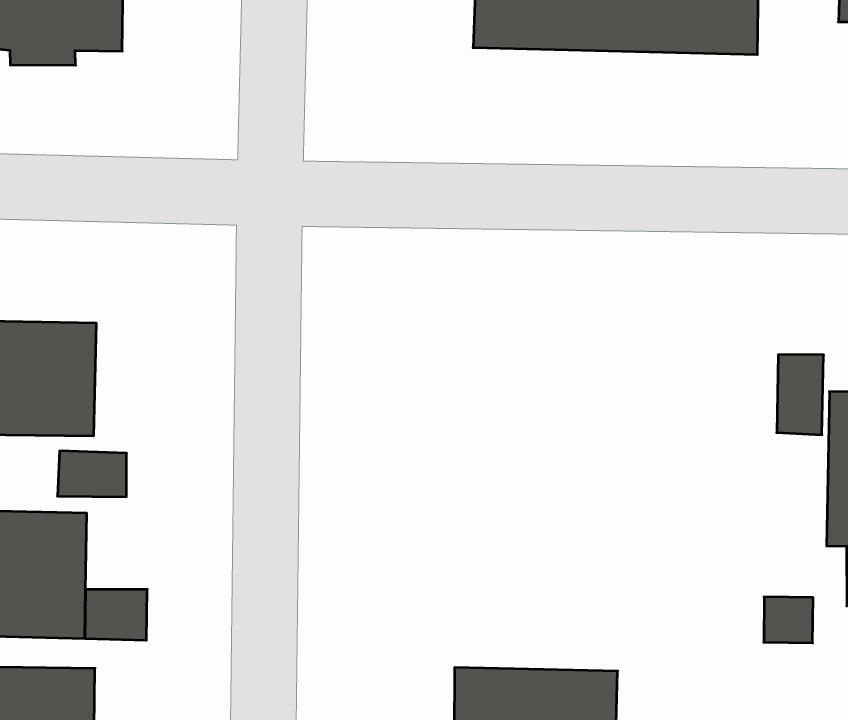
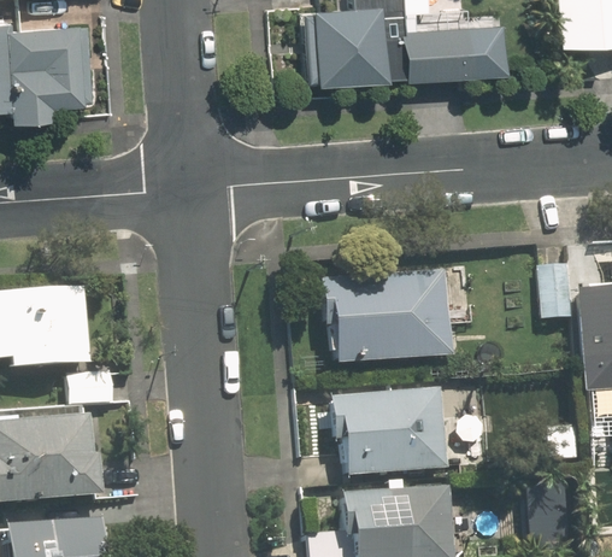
building: none -> [322,269,453,364]
building: none -> [333,387,445,476]

